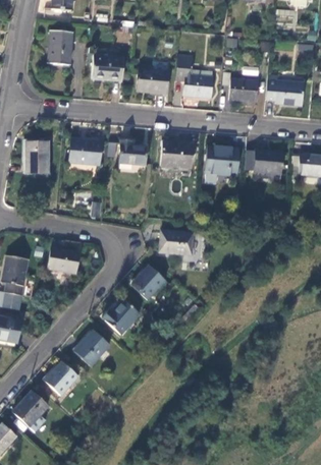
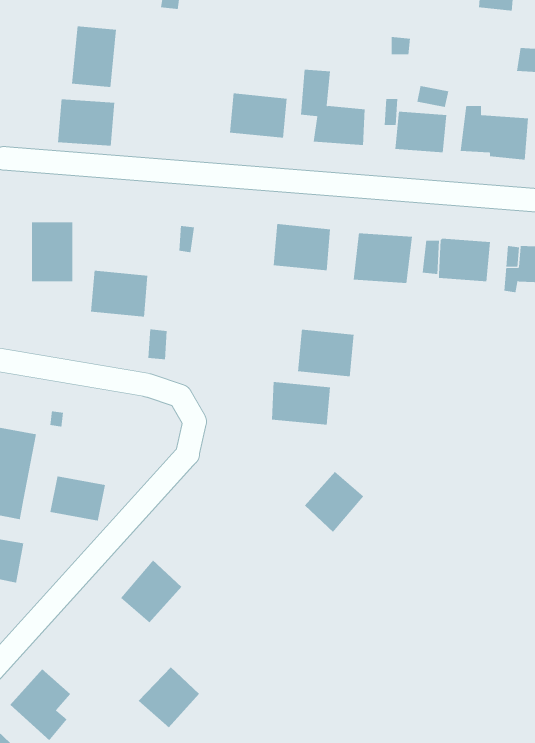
building: [91,55,123,81] -> [57,99,115,146]
building: [68,138,101,165] -> [90,270,148,317]
building: [118,139,147,166] -> none
building: none -> [298,329,354,377]
building: [47,247,78,273] -> [49,476,106,521]
building: [130,266,164,300] -> [304,471,364,533]
building: [101,298,139,334] -> none
building: [43,361,77,396] -> [138,666,200,728]

